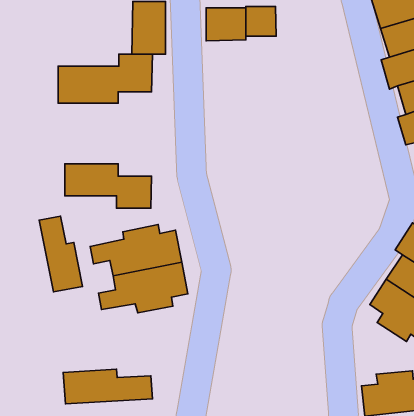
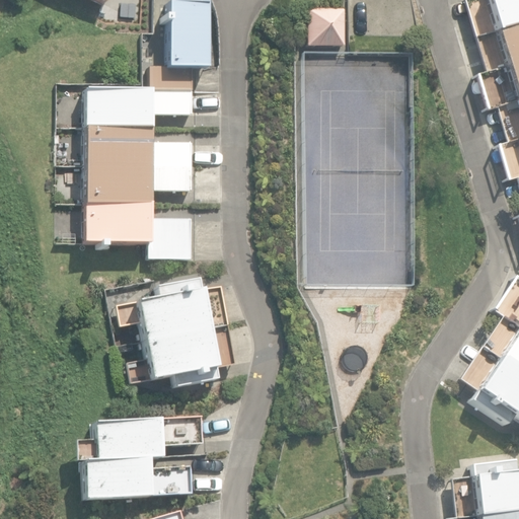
building: [206,8,246,41] -> none
building: none -> [78,128,194,203]
building: [39,216,83,292] -> none
building: none -> [76,416,205,462]

